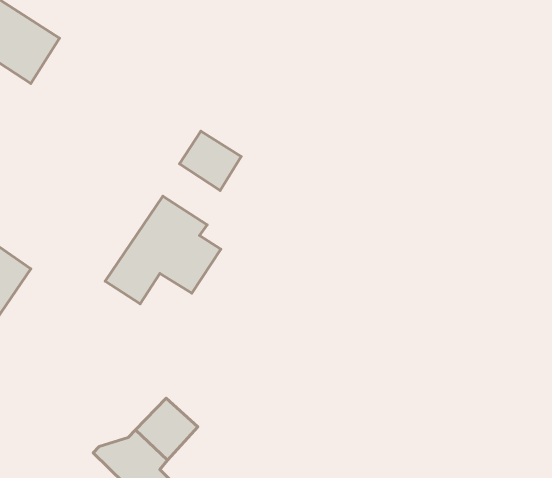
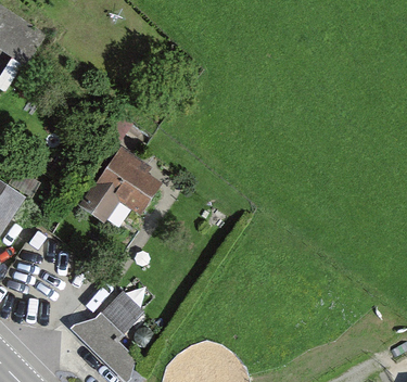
building: [179,131,241,190] -> none

